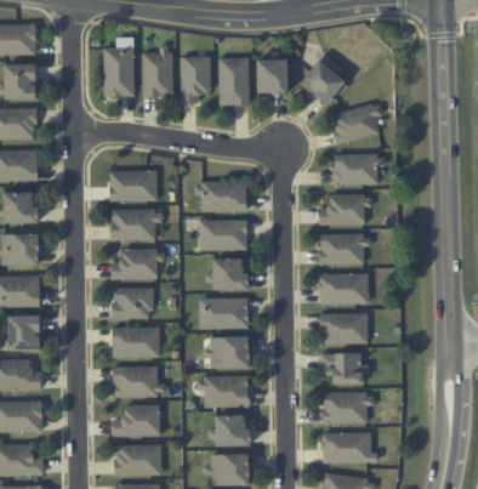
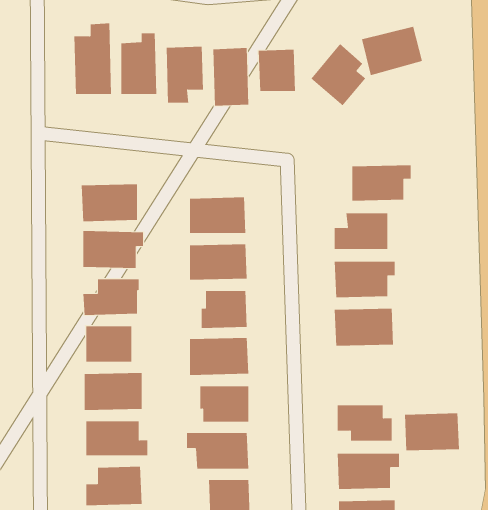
building: [329,103,380,144] -> [361,26,423,76]
building: [321,313,368,345] -> [404,413,460,451]

